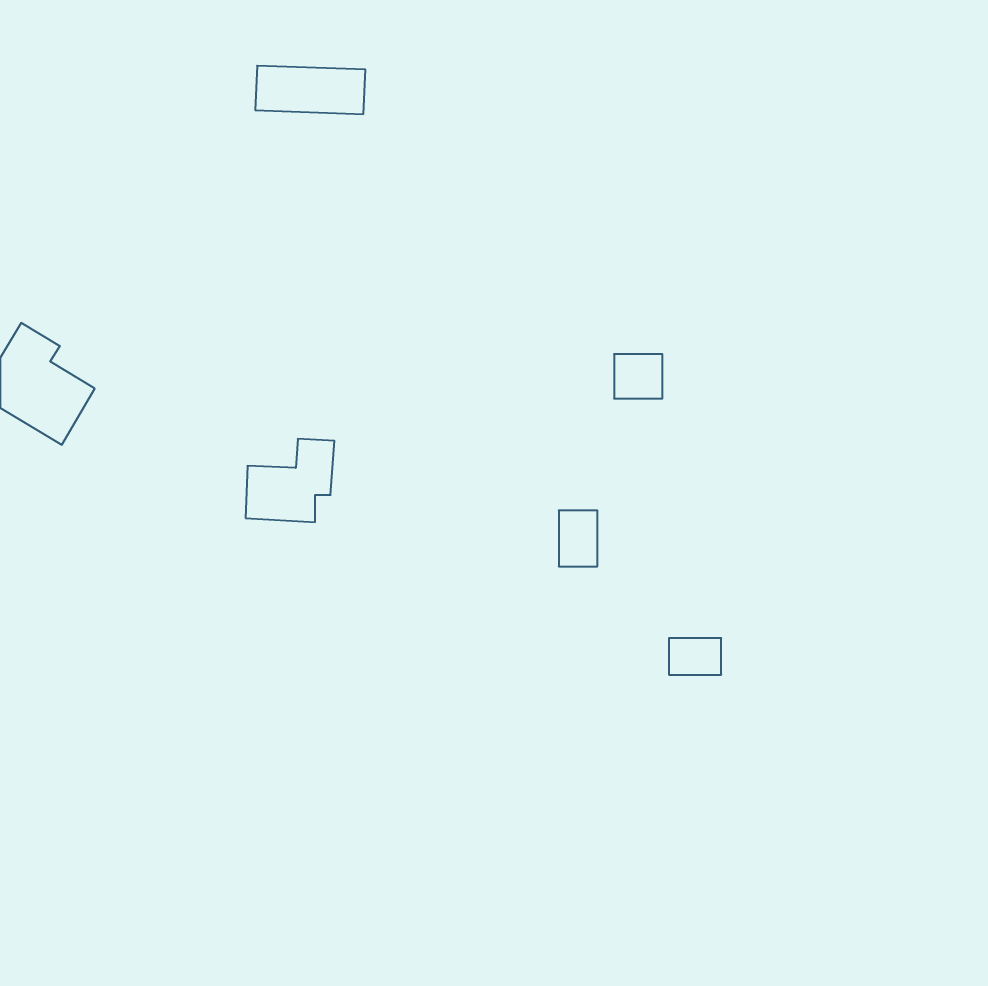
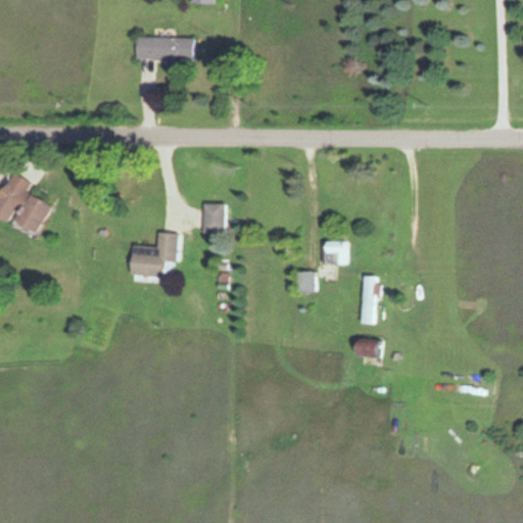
building: [614,354,662,399] -> [324,240,349,264]
building: none -> [202,203,225,233]
building: none -> [361,276,378,324]

